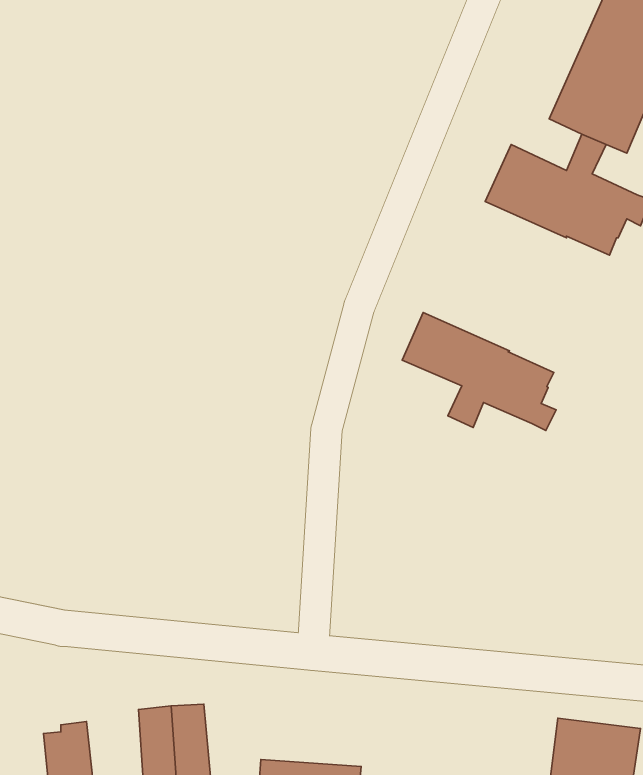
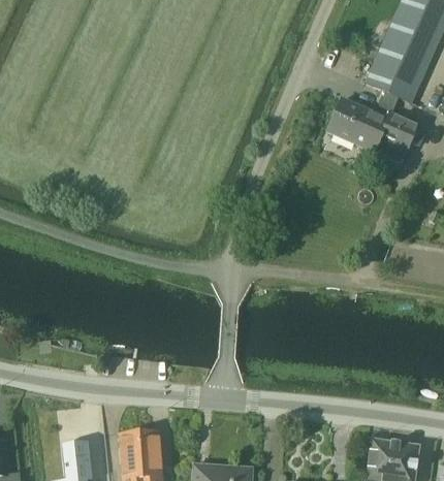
building: [402,312,556,431] -> none

